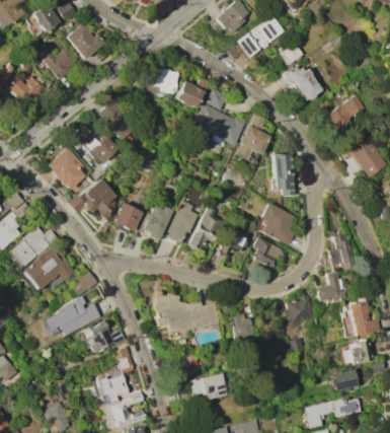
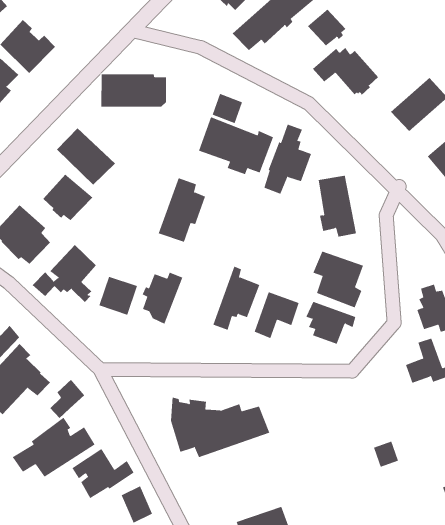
building: [175,77,211,111] -> none
building: [164,200,200,244] -> [158,177,206,242]
building: [285,296,313,324] -> none
building: [230,314,254,350] -> none

